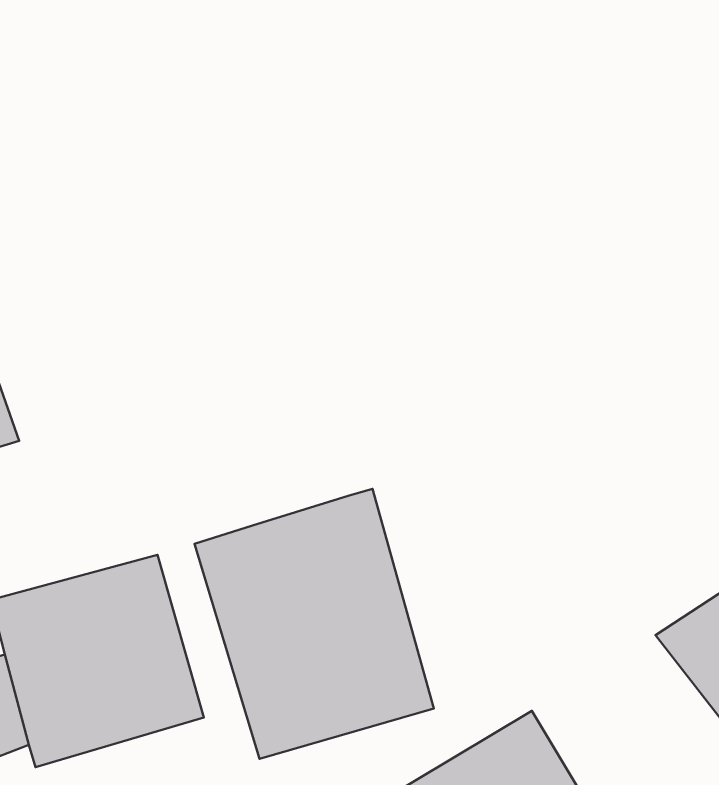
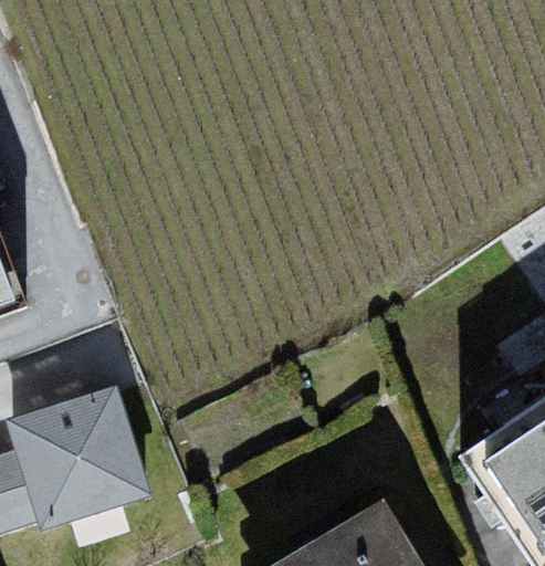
building: [195,489,434,759] -> none

